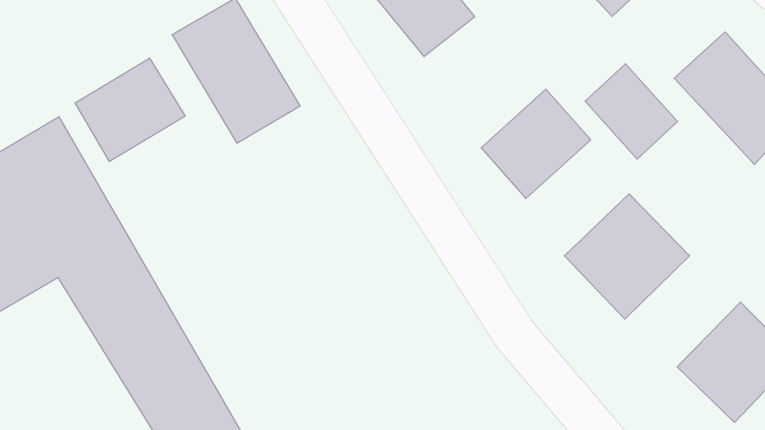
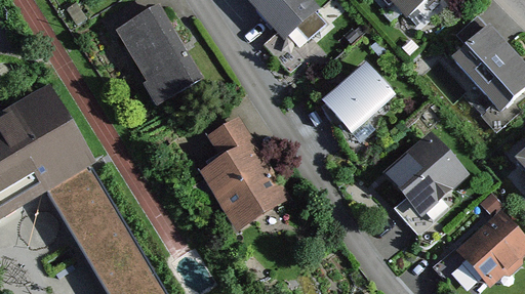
building: [75,58,185,162] -> none
building: [585,64,678,159] -> none
building: none -> [205,116,289,229]

